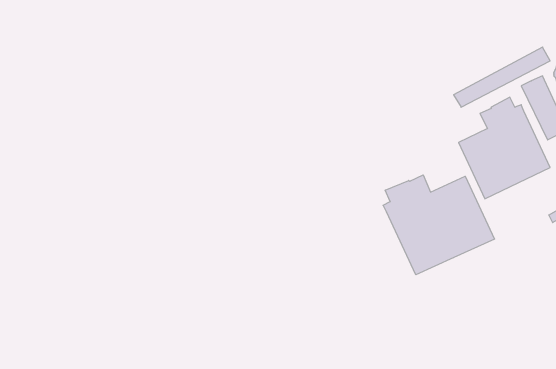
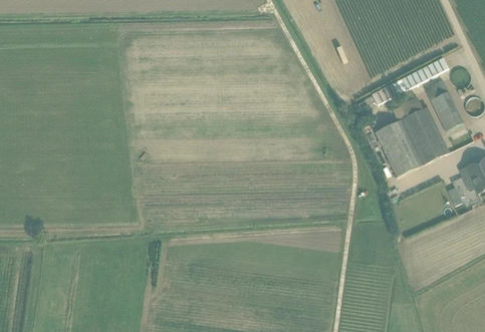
building: [383,175,495,275] -> none

